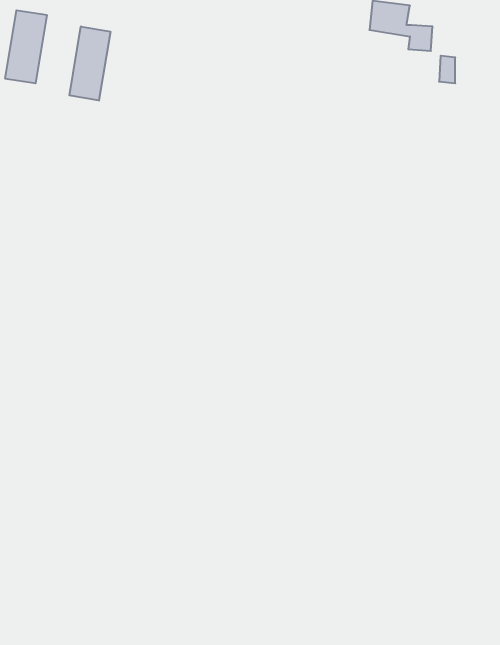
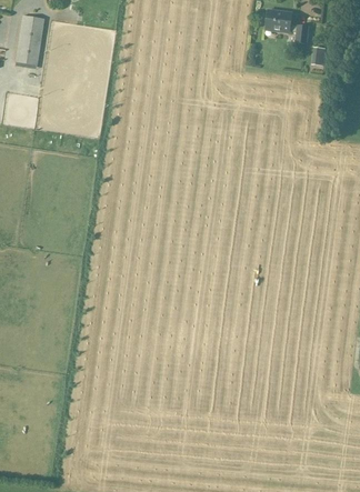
building: [69,26,110,101] -> none

